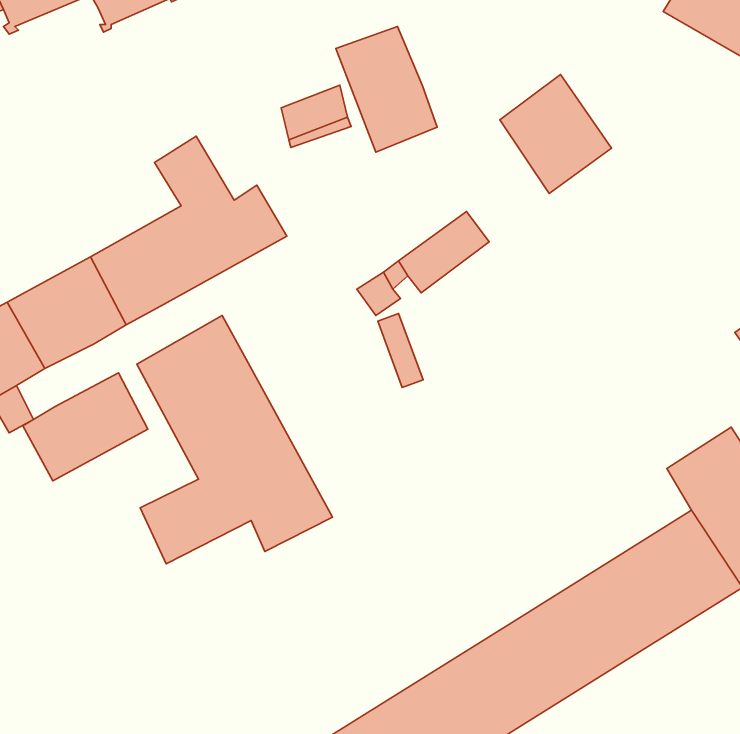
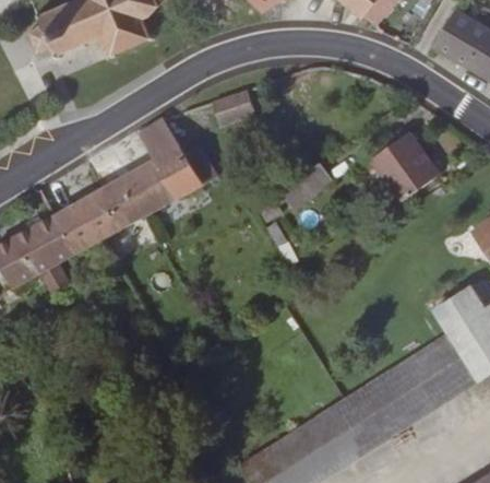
building: [336,26,437,152] -> none
building: [500,74,611,193] -> [373,132,438,201]
building: [137,315,332,564] -> none
building: [23,373,148,481] -> none

